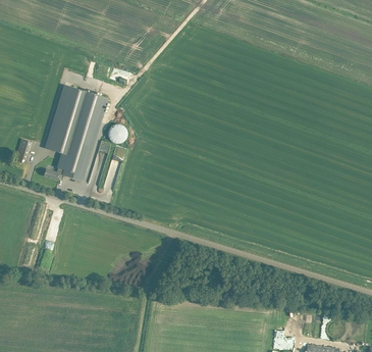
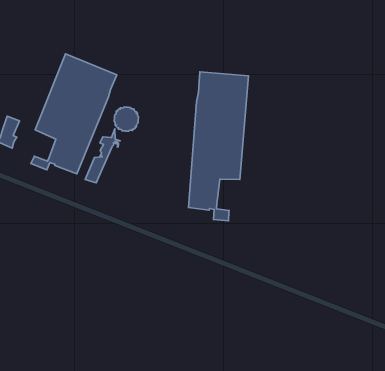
building: none -> [188,72,249,221]

